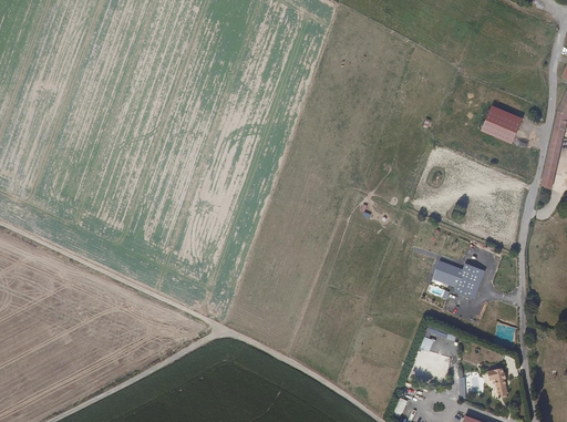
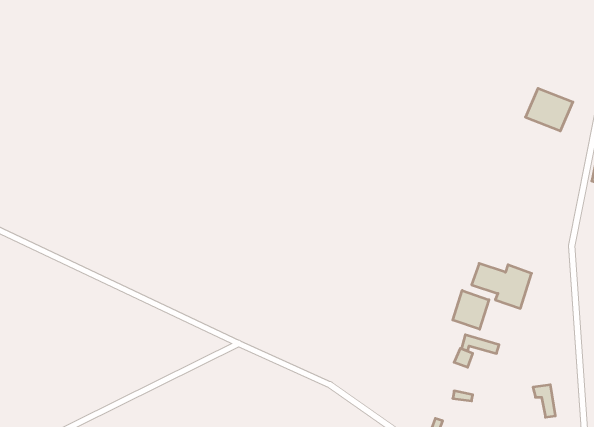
building: none -> [453,290,489,329]

